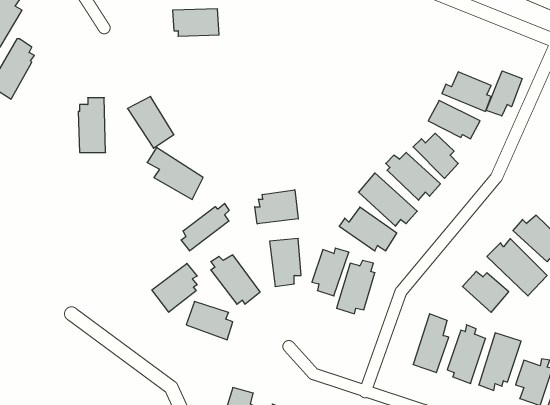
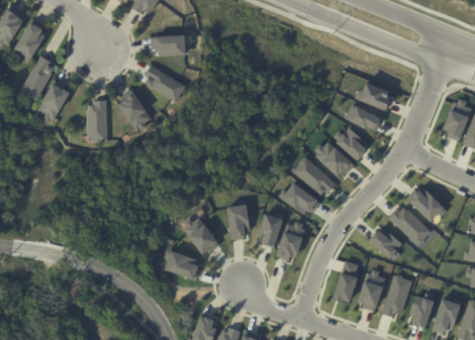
building: [486,71,522,116] -> none
building: none -> [36,82,67,123]
building: [147,147,203,199] -> [147,68,188,106]
building: [255,190,298,224] -> none
building: [181,203,229,251] -> none
building: [152,263,197,312] -> none

